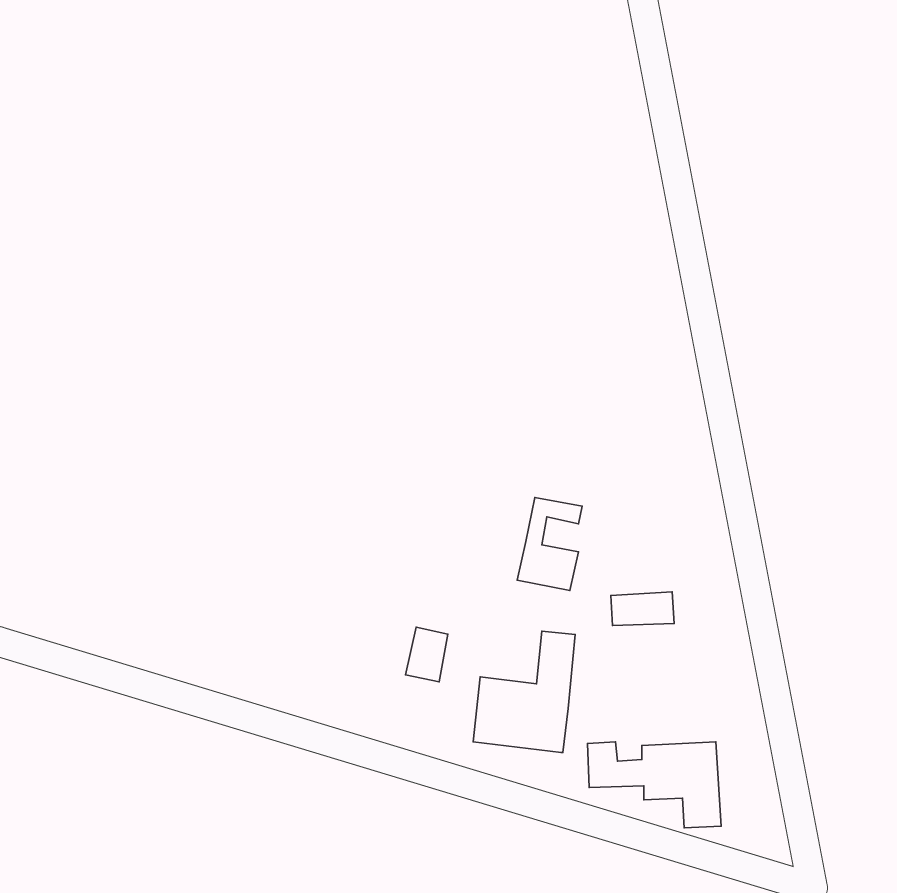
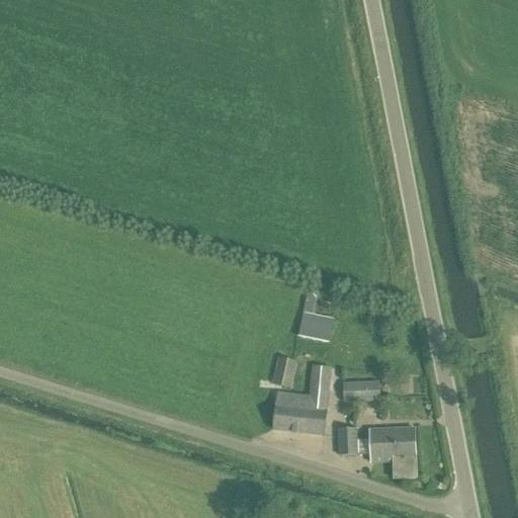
building: [611,592,674,625] -> [342,380,378,400]
building: [406,627,448,682] -> [271,355,295,386]

